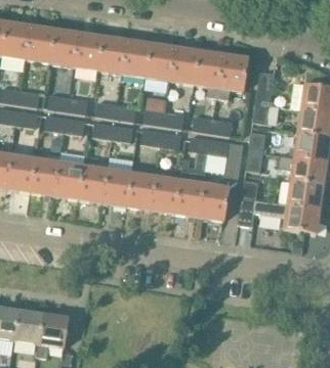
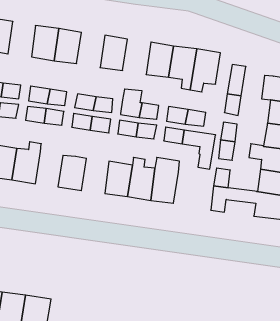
building: [26,26,54,62] -> none
building: [97,37,127,74] -> none
building: [146,44,175,81] -> none
building: [54,162,83,198] -> none
building: [102,169,131,205] -> none
building: [199,183,229,220] -> none

